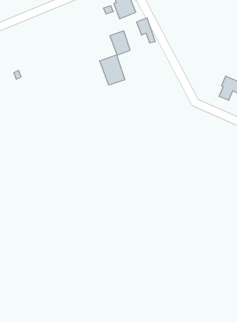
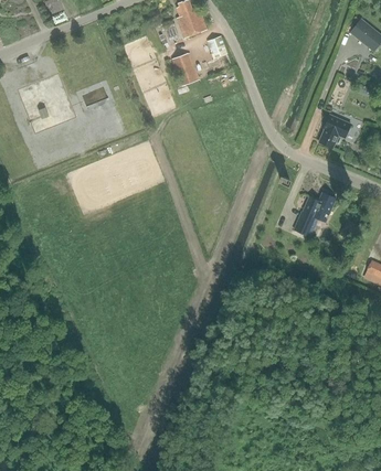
building: [100,55,125,85] -> none
building: none -> [294,191,336,234]

